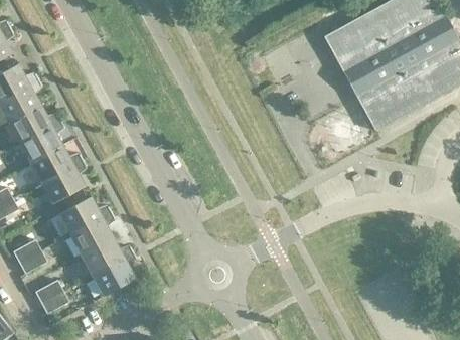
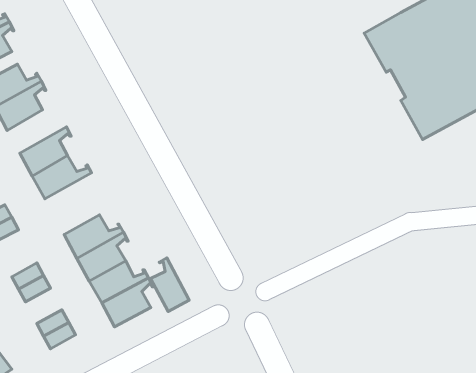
building: [8,105,60,143] -> none
building: [41,160,87,203] -> none
building: none -> [151,258,189,312]

